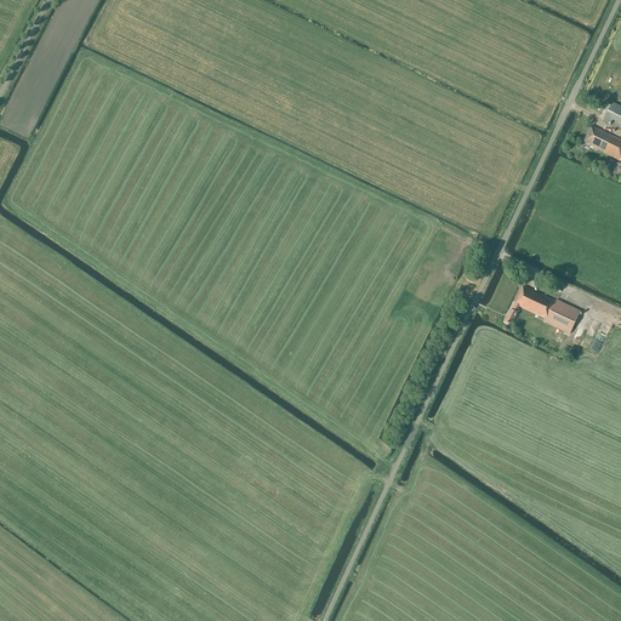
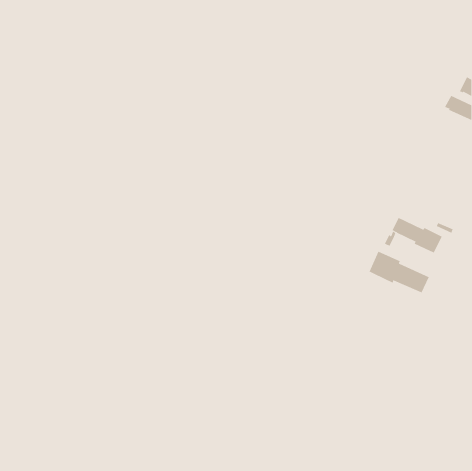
building: none -> [369,251,429,294]

